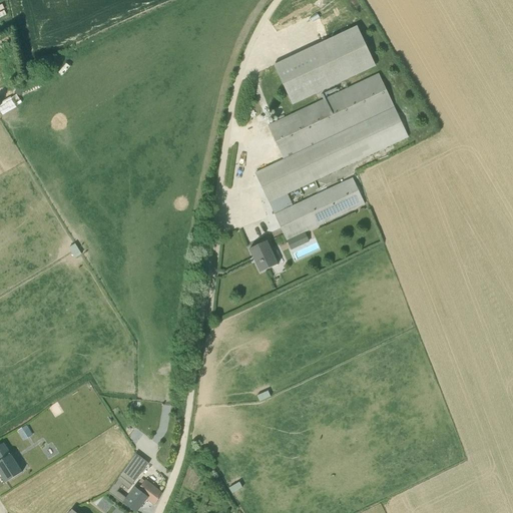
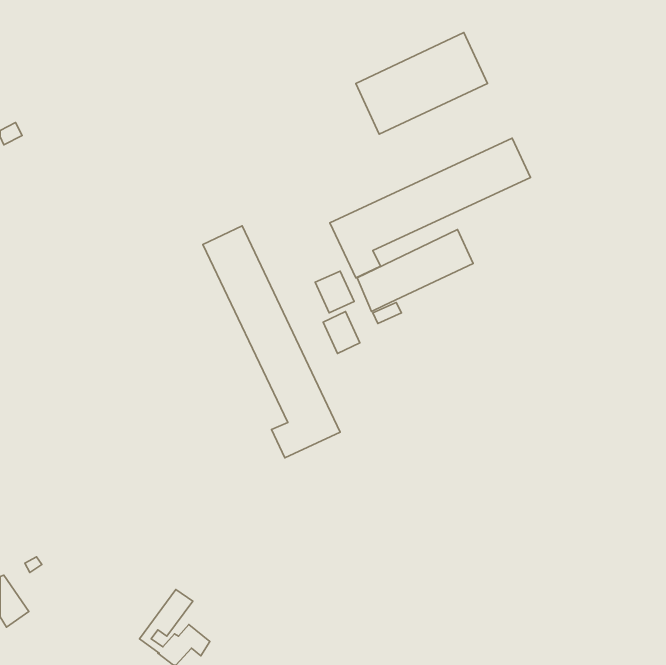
building: [268,72,394,158] -> none
building: none -> [203,226,340,458]
building: none -> [315,271,354,313]

